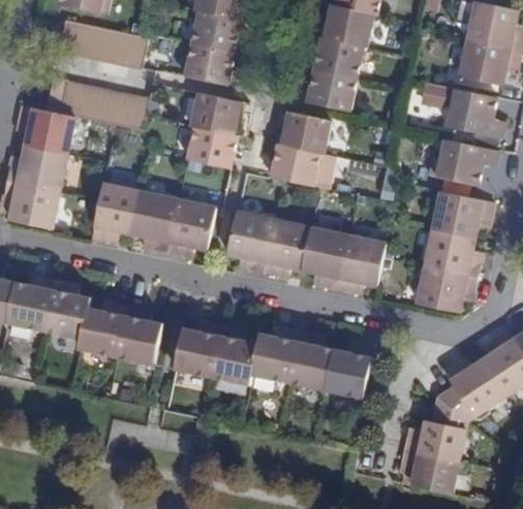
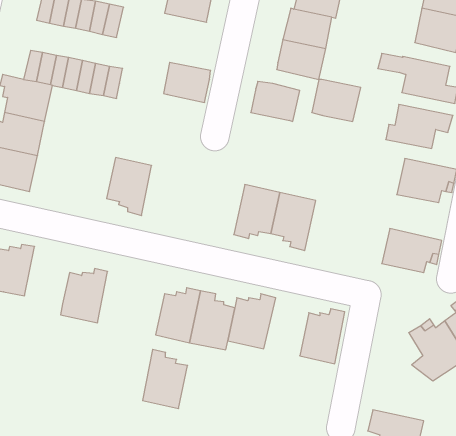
building: [184,41,235,85] -> none
building: [186,125,237,168] -> none
building: [270,144,320,187] -> [312,79,361,121]
building: [90,182,141,236] -> none
building: [167,198,216,253] -> none
building: [228,211,274,269] -> none
building: [424,228,481,276] -> none
building: [336,234,384,289] -> none
building: [47,282,95,341] -> none
building: [122,308,168,369] -> [143,349,188,409]
building: [294,335,340,394] -> none
building: [406,404,468,462] -> none

